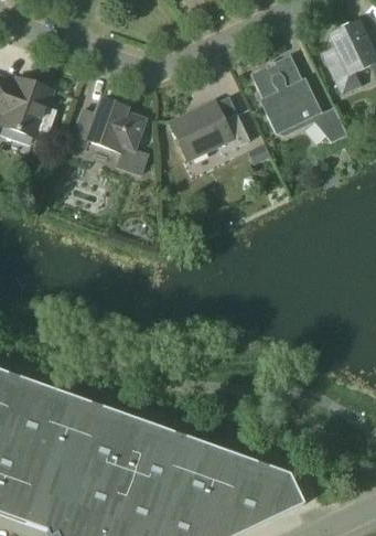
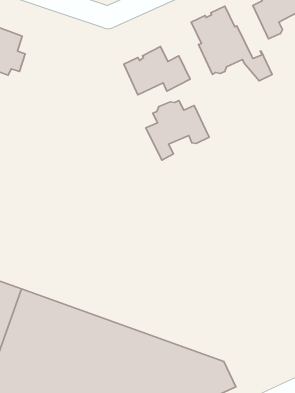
building: [72,97,148,173] -> none
building: none -> [146,101,209,160]

